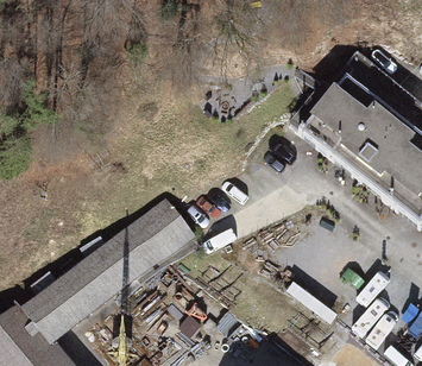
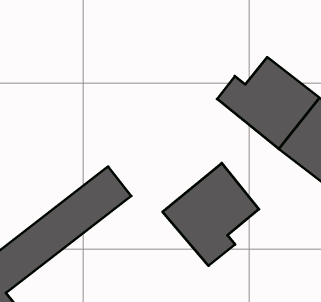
building: none -> [163,163,259,266]

